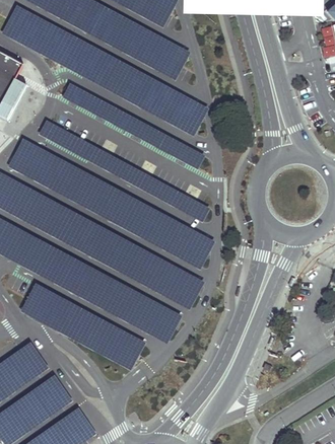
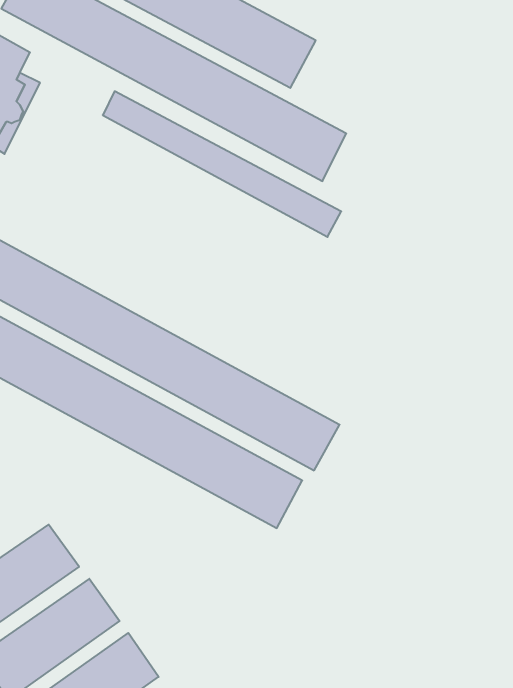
building: [39,121,210,223] -> none
building: [8,139,216,270] -> none
building: [20,284,146,371] -> none

